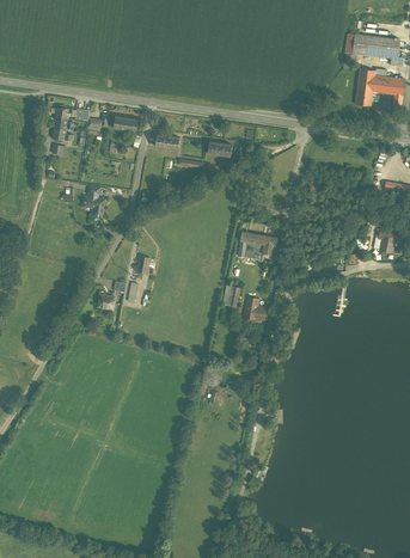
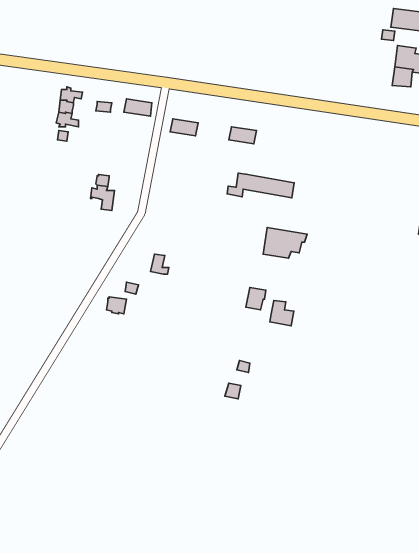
building: none -> [227,173,294,198]

